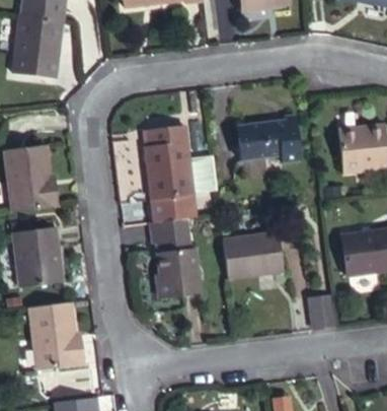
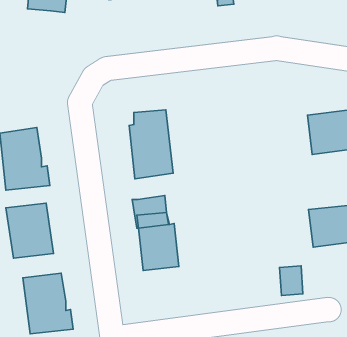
building: [12,14,60,77] -> none
building: [236,115,298,164] -> none
building: [151,195,193,223] -> none
building: [221,233,283,280] -> none

